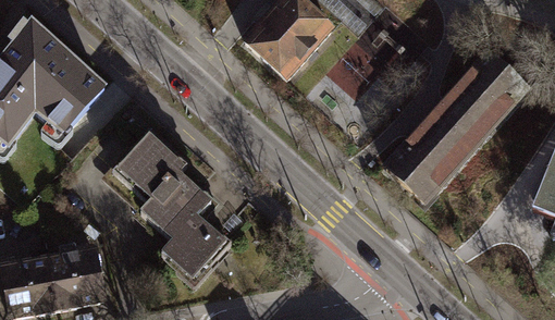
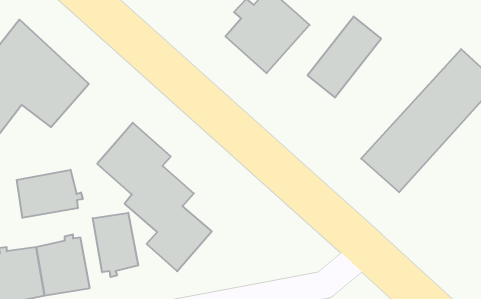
building: none -> [17,170,83,218]
building: none -> [93,213,138,277]

